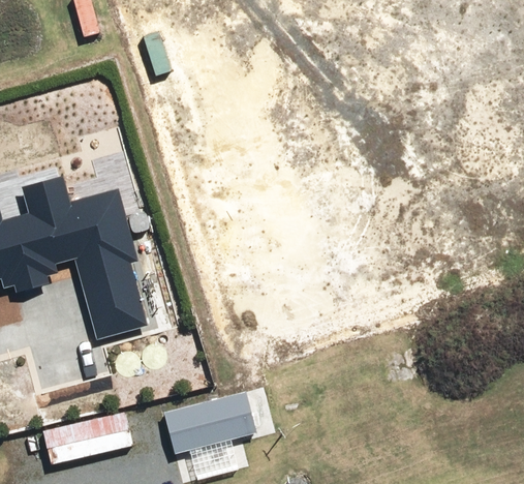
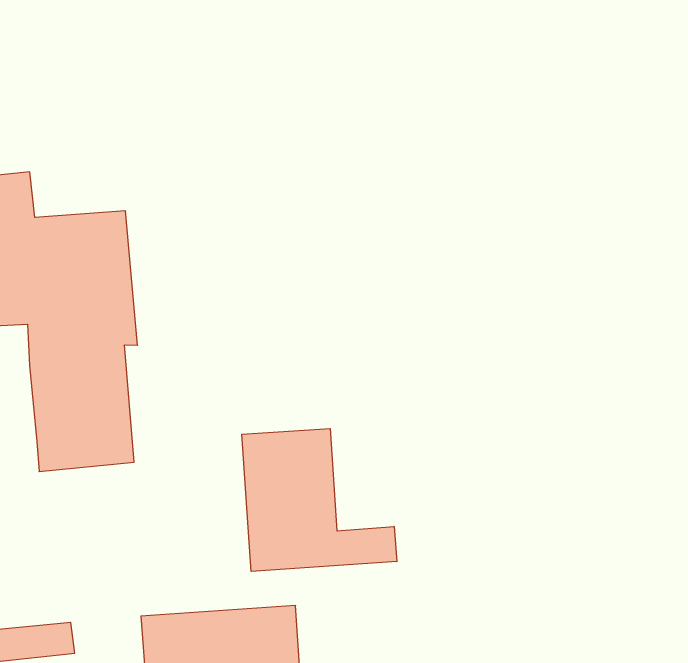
building: none -> [242,429,397,571]

